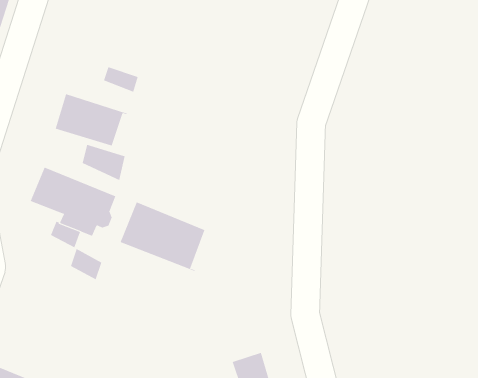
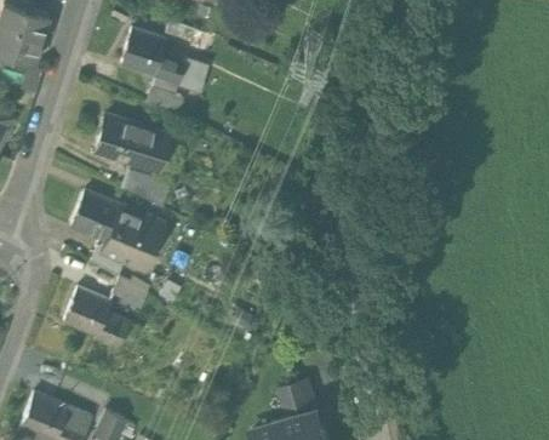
building: none -> [124,30,207,91]
building: [120,201,211,272] -> none
building: none -> [65,290,131,348]

